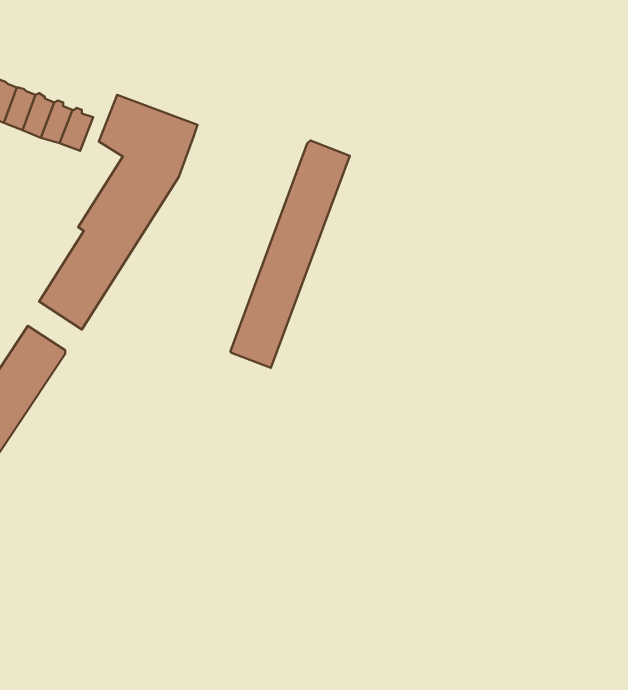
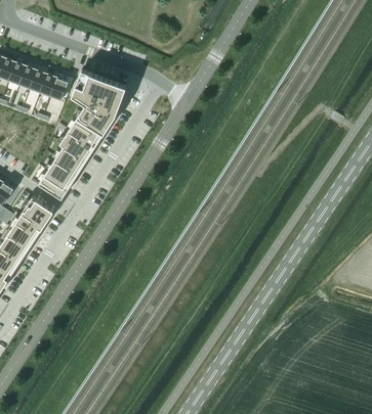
building: [231,141,350,368] -> none

